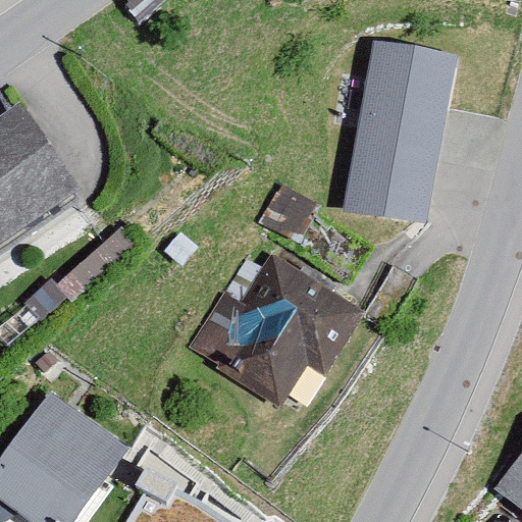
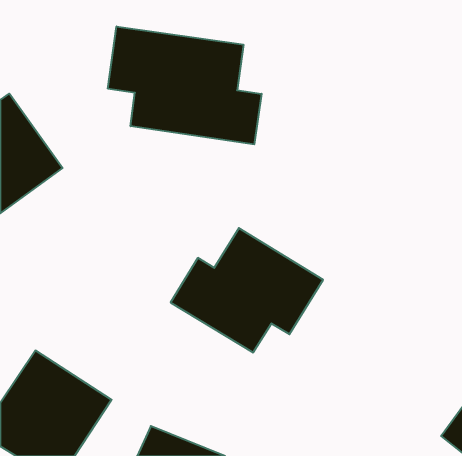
building: none -> [108,26,262,144]
building: [342,46,448,220] -> none

